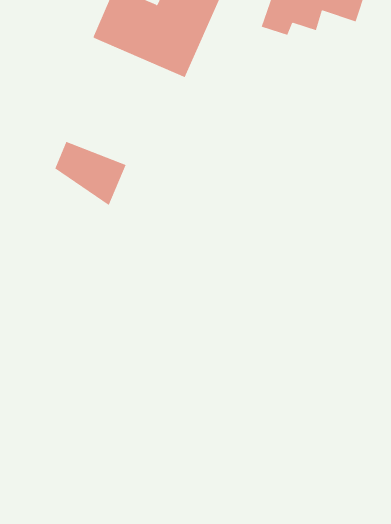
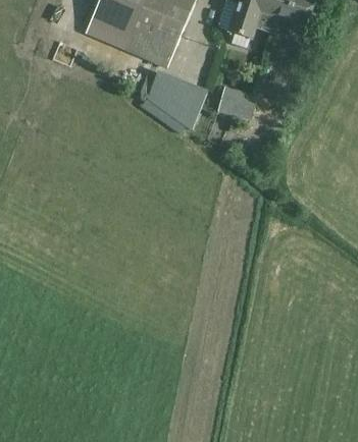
building: none -> [216,87,256,120]
building: [55,141,126,206] -> [146,76,205,129]

